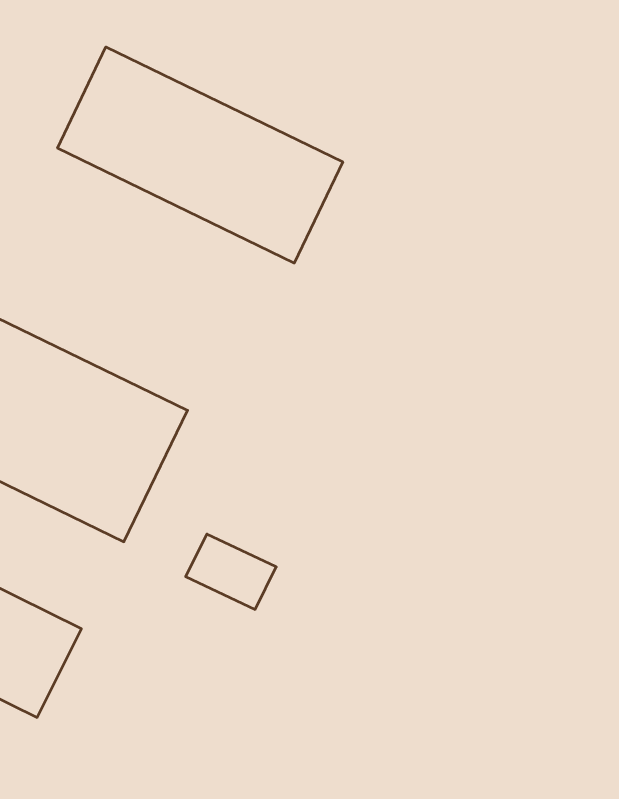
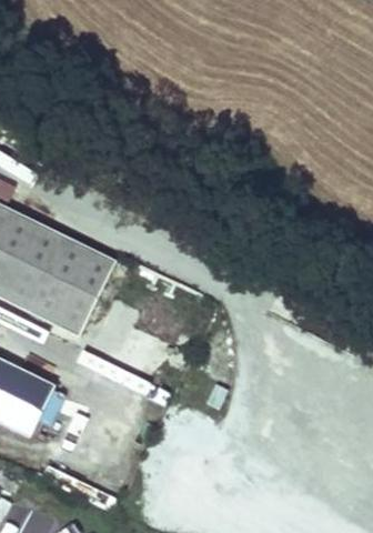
building: [58,47,343,263] -> none

